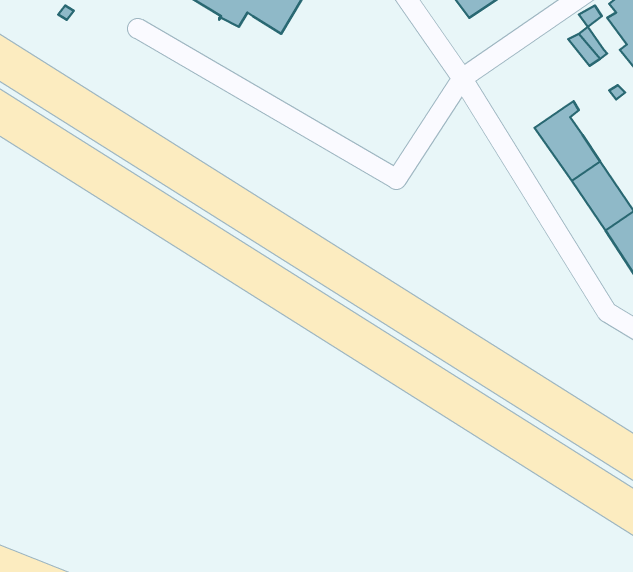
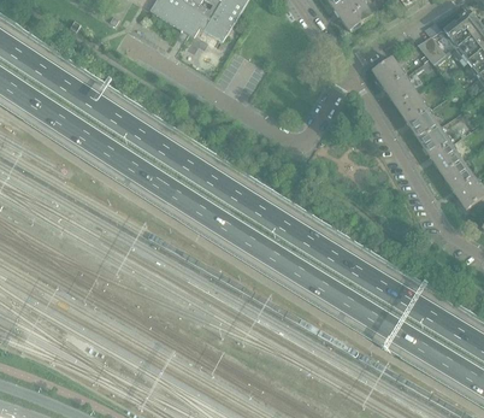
building: none -> [372,58,413,104]

